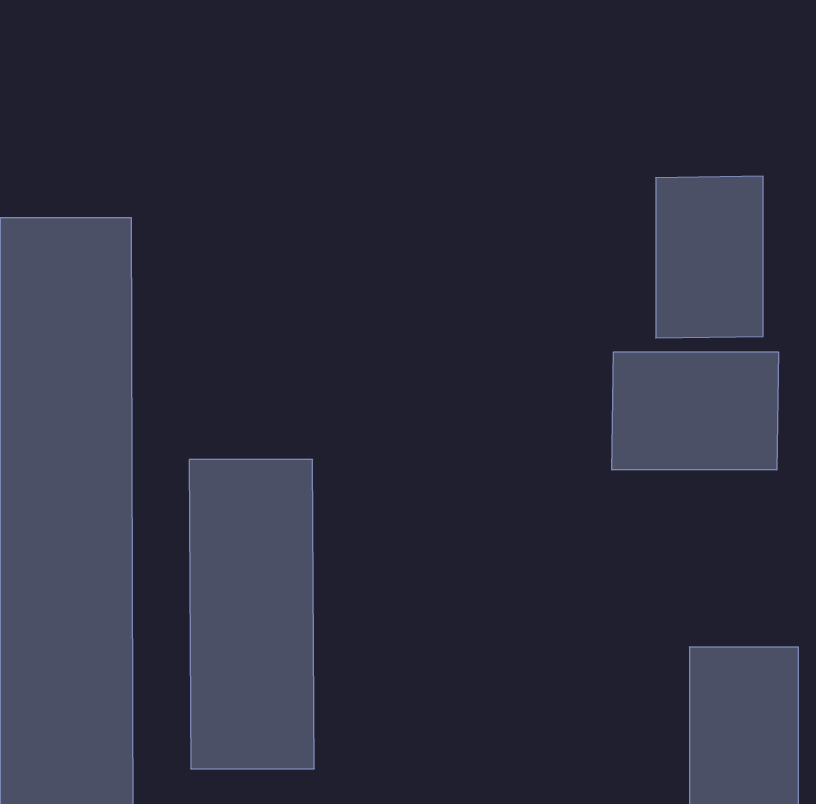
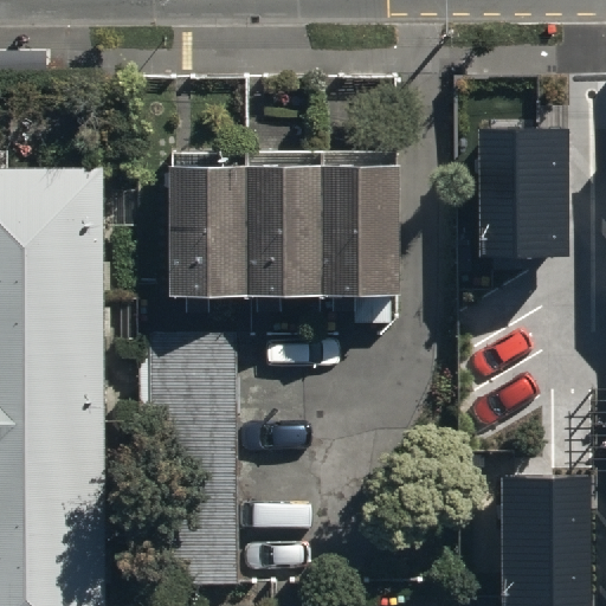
building: none -> [163,166,380,290]
building: [612,352,778,470] -> none

